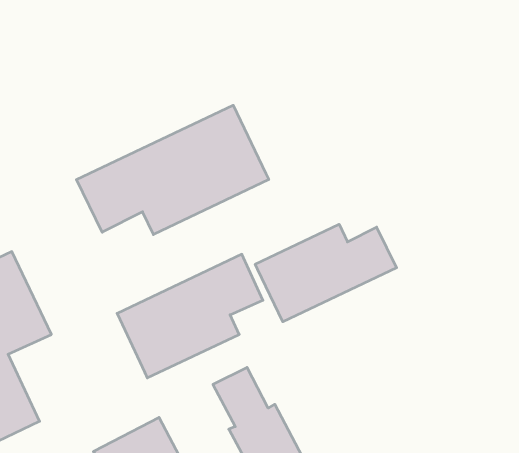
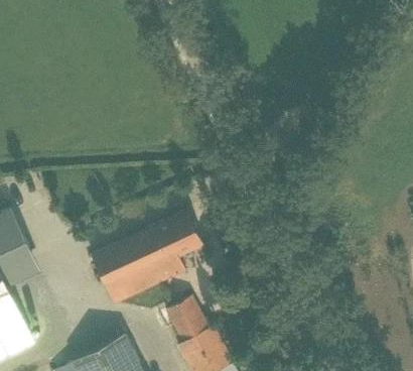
building: [76,105,269,235] -> none
building: [255,224,397,322] -> none

